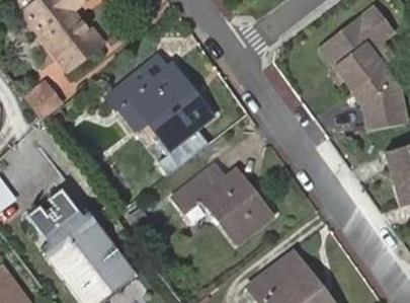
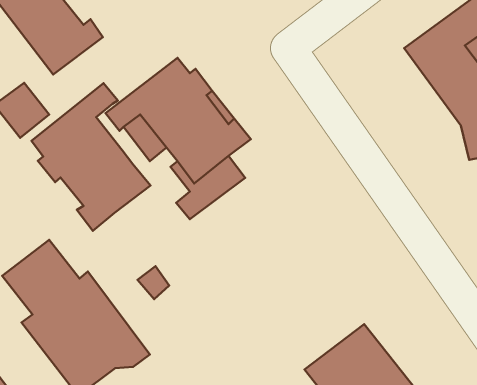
building: none -> [31,83,150,231]
building: [173,165,269,243] -> none

